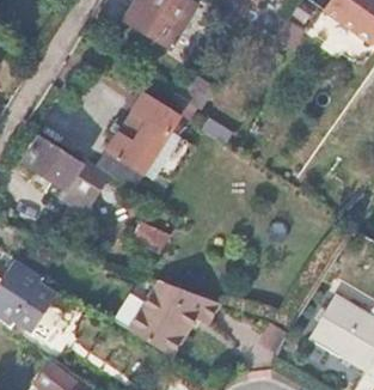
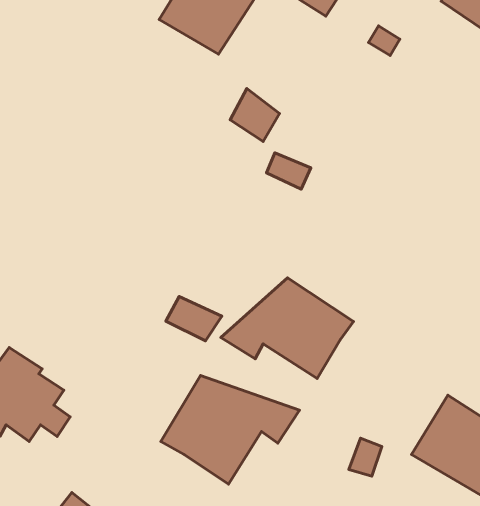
building: [106,91,178,169] -> none
building: [23,135,109,211] -> none
building: none -> [221,278,353,379]

